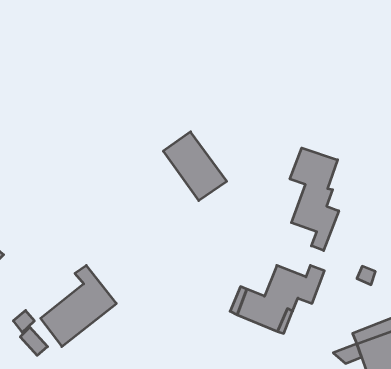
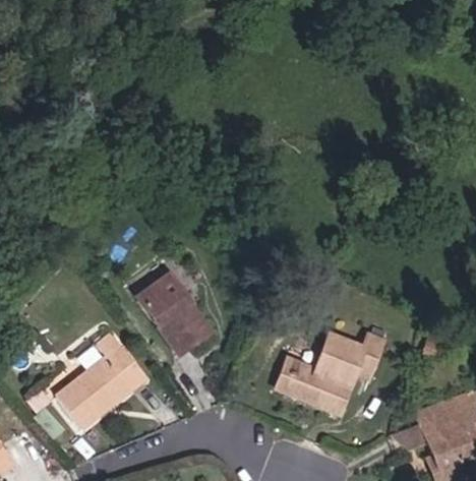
building: [163,132,227,201] -> [137,274,211,353]
building: [290,148,339,251] -> none

